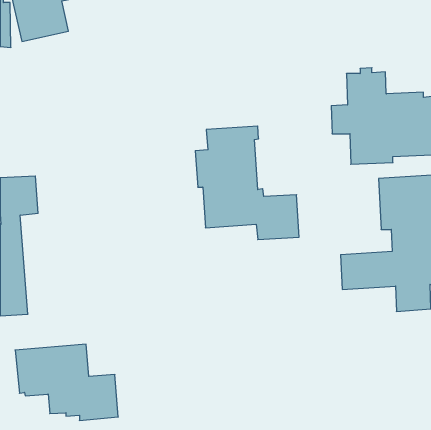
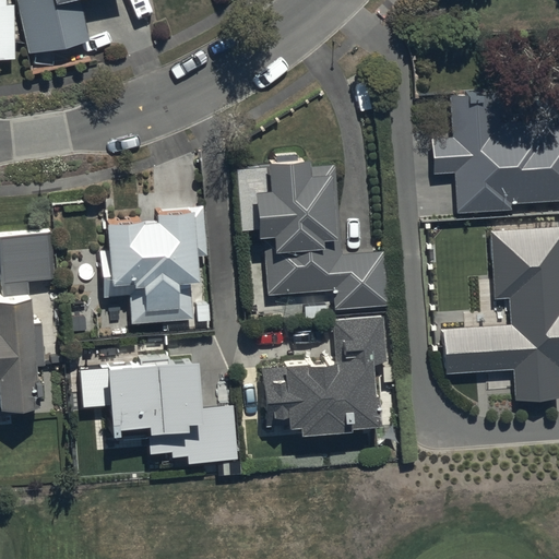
building: none -> [99,204,213,324]
building: none -> [260,318,386,437]
building: [15,344,118,420] -> [104,366,237,464]

